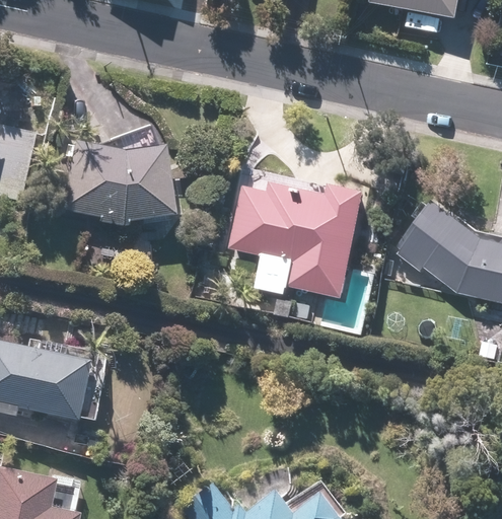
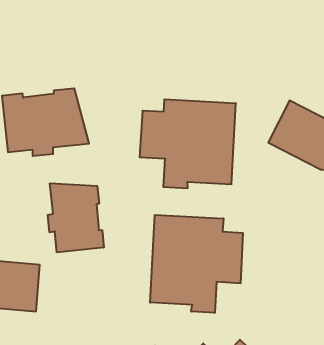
building: none -> [48,183,104,252]
building: none -> [150,215,243,313]

